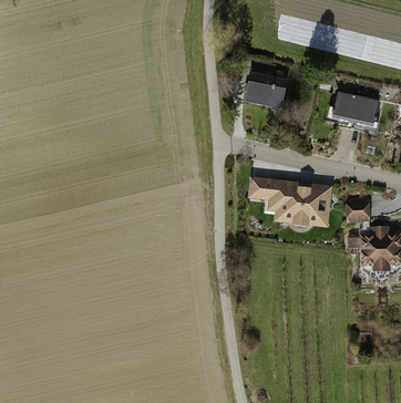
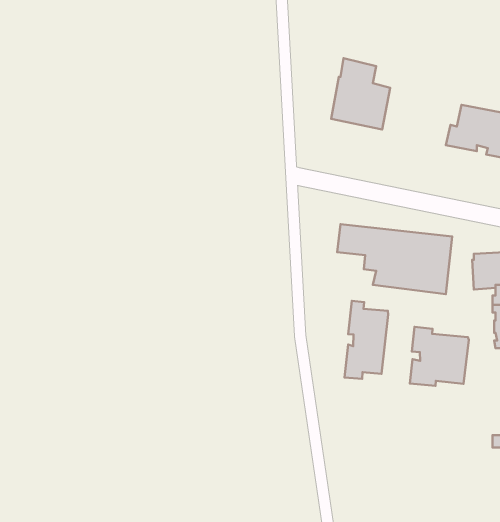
building: none -> [344,301,388,379]
building: none -> [410,327,469,386]

